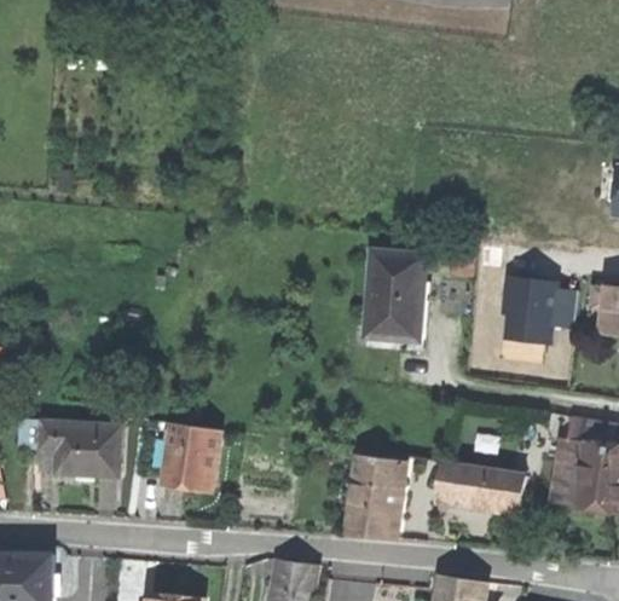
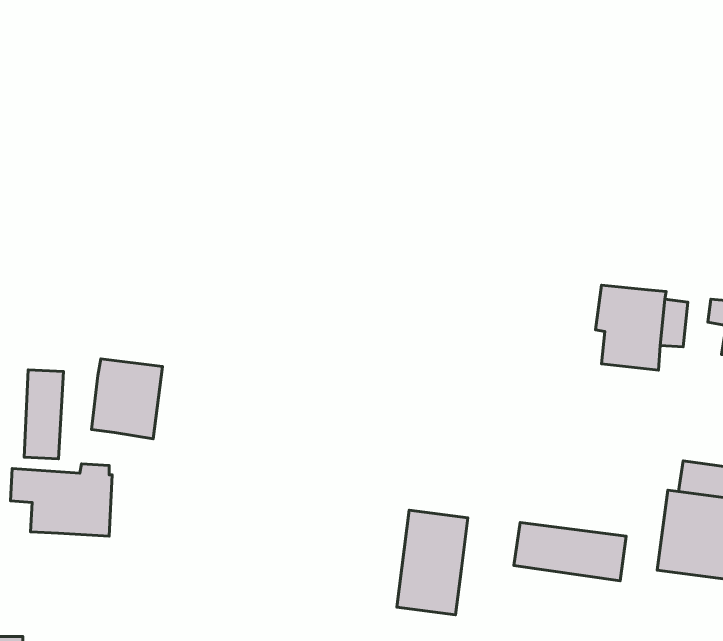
building: [368,252,426,340] -> none
building: none -> [24,370,63,459]
building: [163,422,219,485] -> [92,359,162,439]

